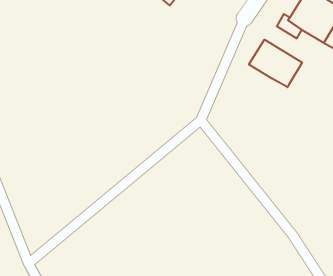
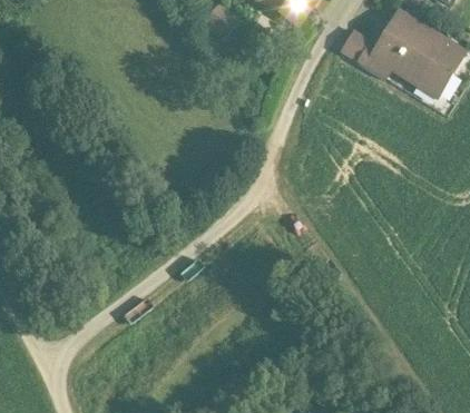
building: [249,40,302,87] -> none

